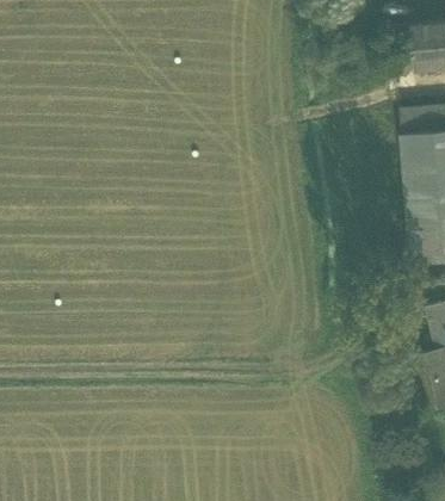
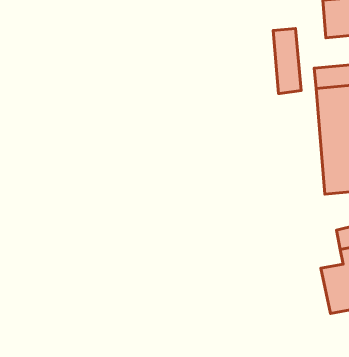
building: none -> [273,28,301,94]

